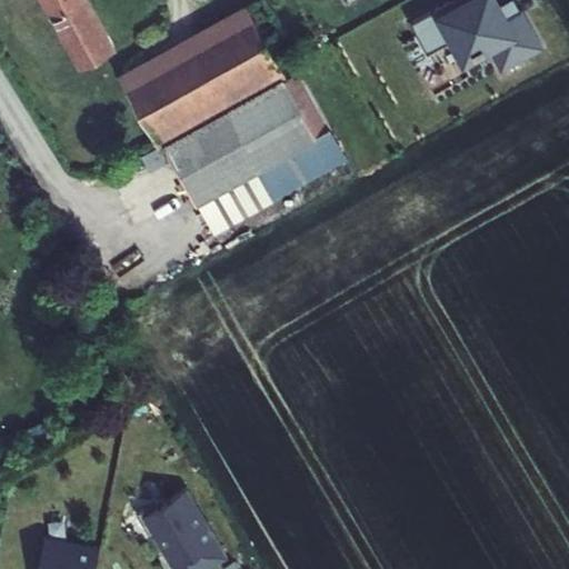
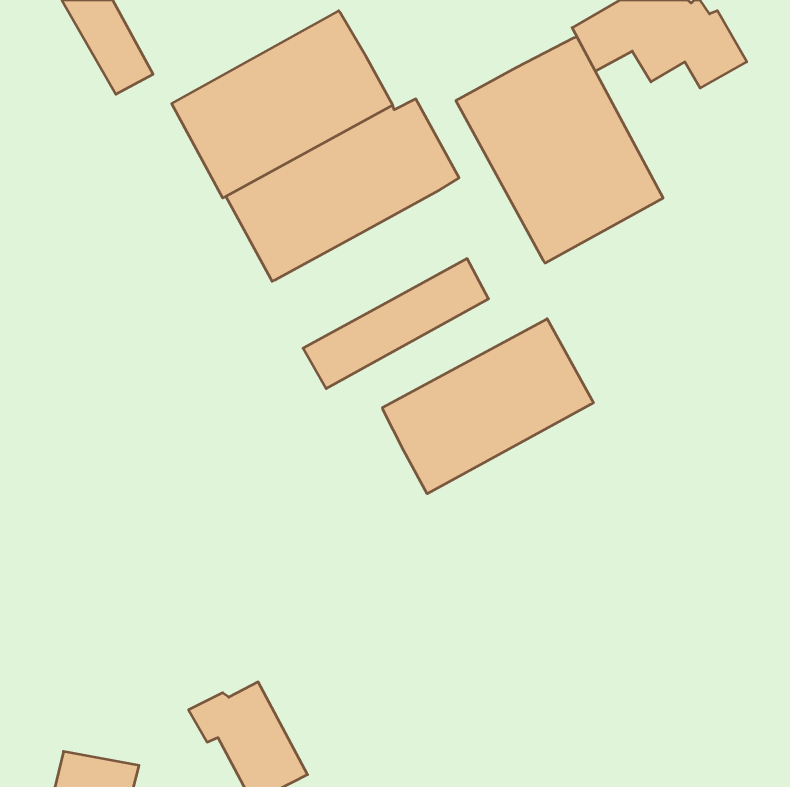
building: none -> [456,37,663,263]
building: [198,139,331,232] -> [303,259,489,389]
building: none -> [383,319,593,494]

